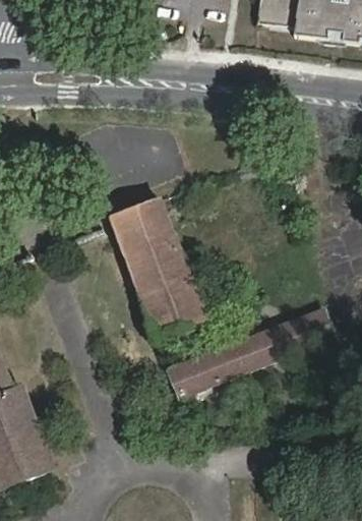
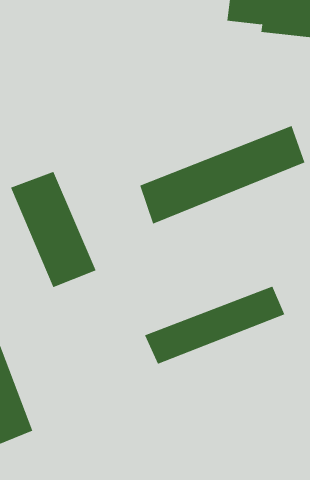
building: none -> [139,125,305,224]
building: [110,204,202,329] -> [10,171,96,288]

